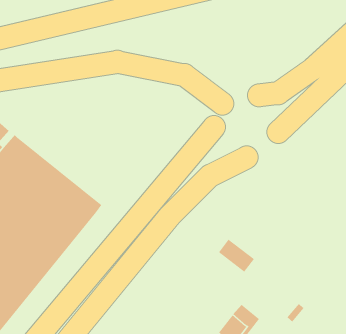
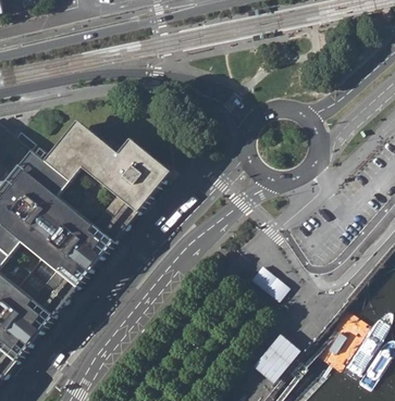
building: none -> [29,130,159,229]

